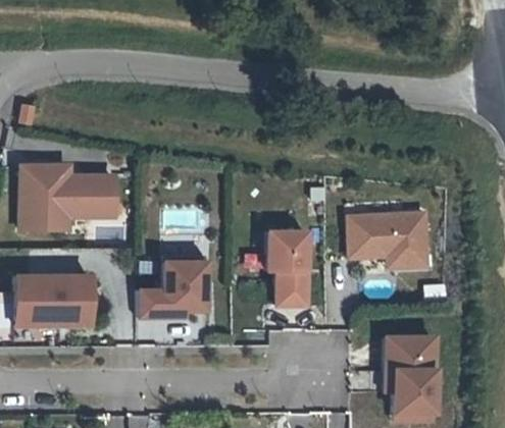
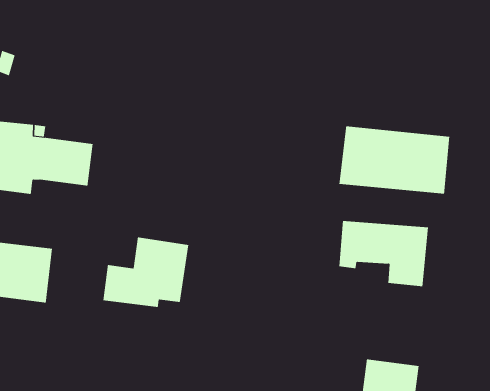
building: none -> [339,125,450,194]
building: [268,226,316,307] -> none

